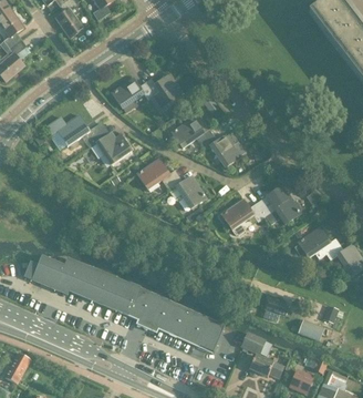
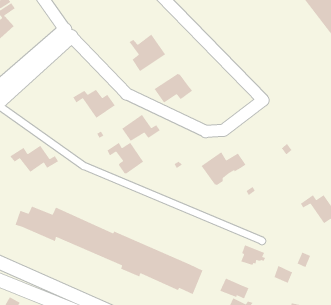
building: [112,76,155,111] -> none
building: [45,114,98,144] -> [9,145,59,173]
building: [200,131,246,165] -> none
building: [166,175,206,210] -> [107,142,144,174]
building: [261,185,302,224] -> none
building: [295,225,341,257] -> none

